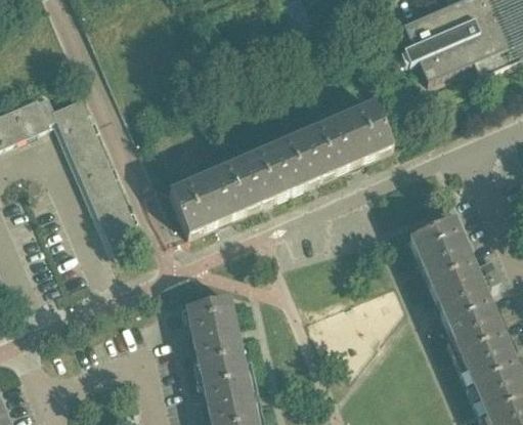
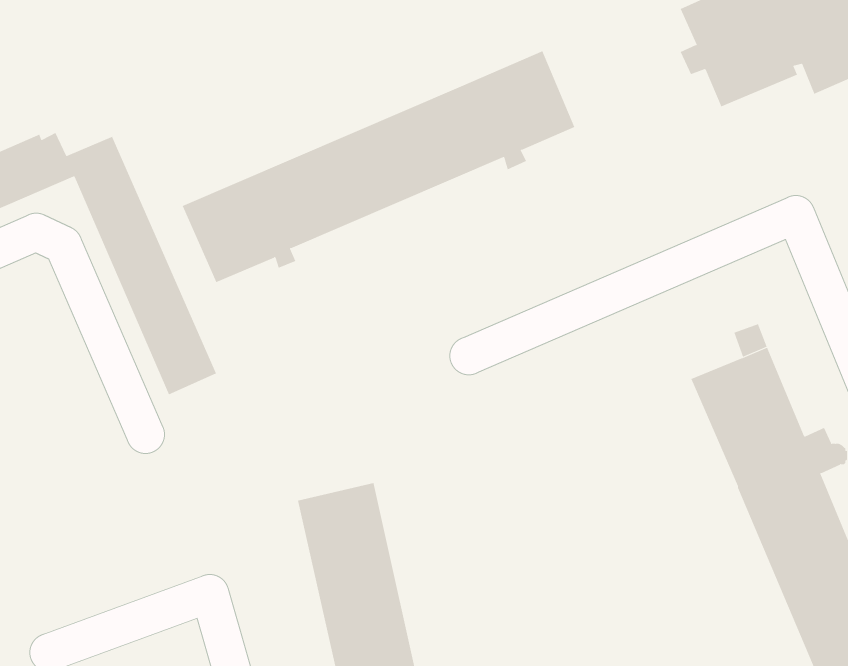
building: [168,100,393,233] -> [182,50,575,283]

